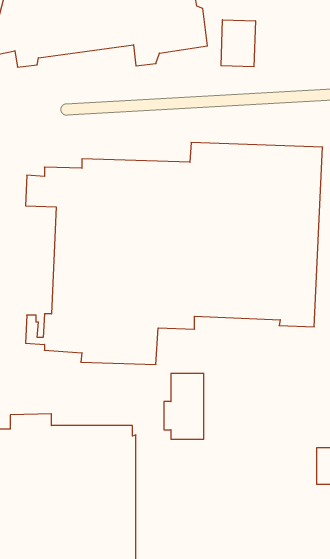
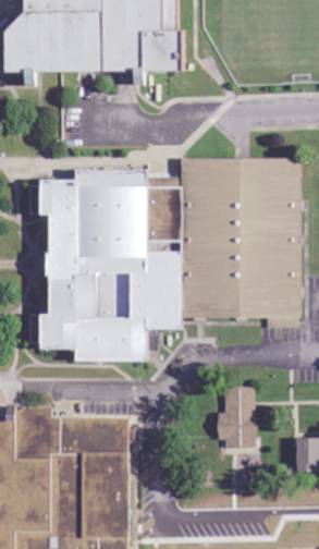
building: [221,20,255,67] -> none
building: [164,373,204,439] -> [214,388,251,449]

